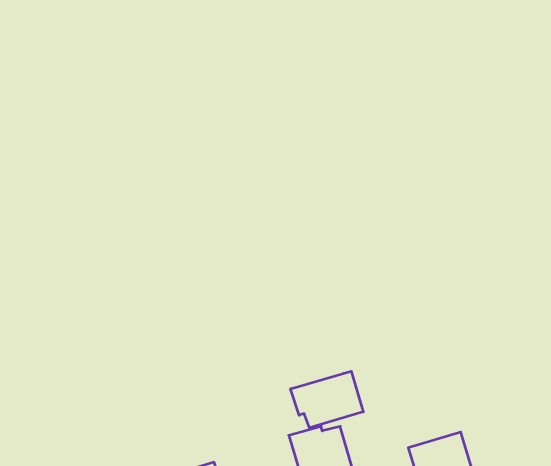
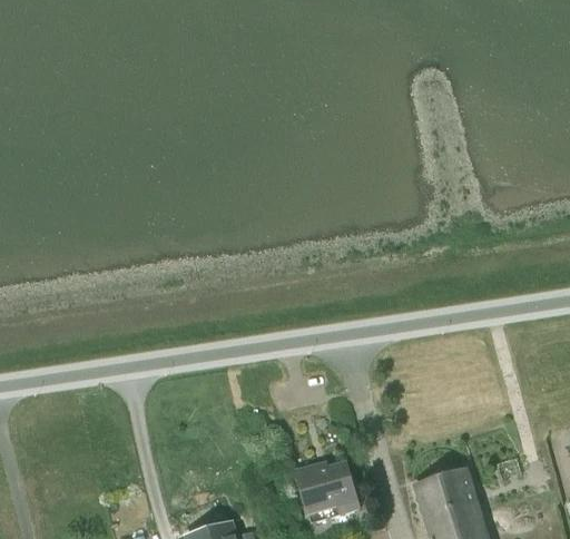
building: [291,371,363,428] -> none

